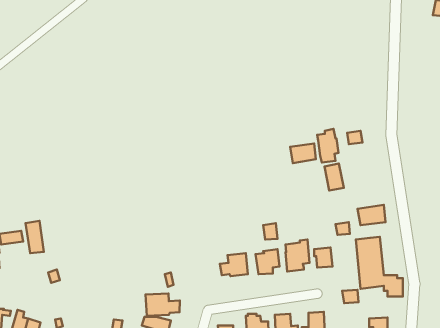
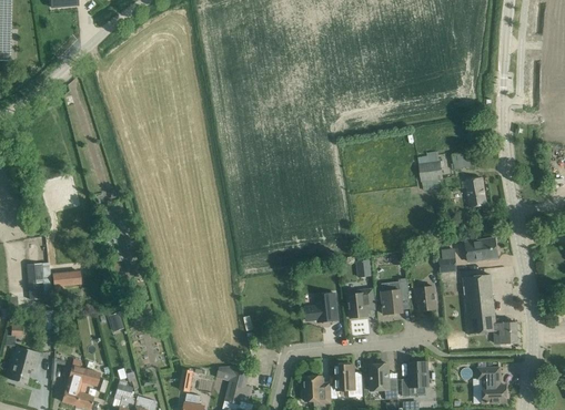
building: [290,144,316,163] -> none
building: [324,164,344,191] -> [465,177,487,208]
building: [26,221,44,253] -> none
building: [145,293,180,316] -> none

